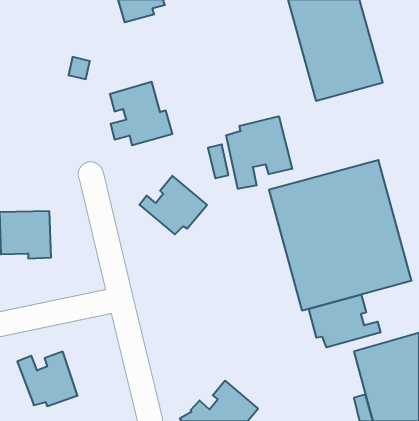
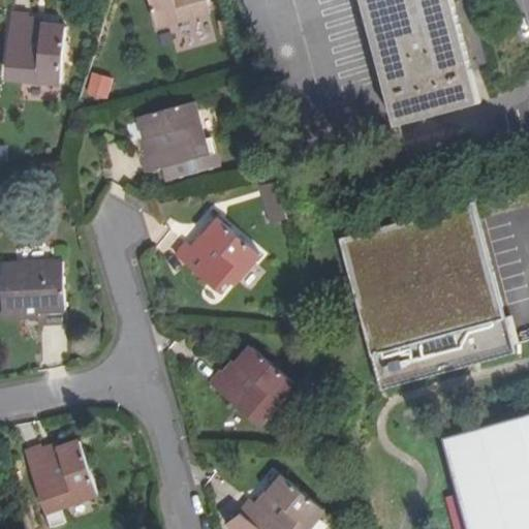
building: none -> [5,13,64,84]
building: [226,116,292,189] -> none
building: none -> [208,348,293,423]
building: [309,294,380,347] -> none

